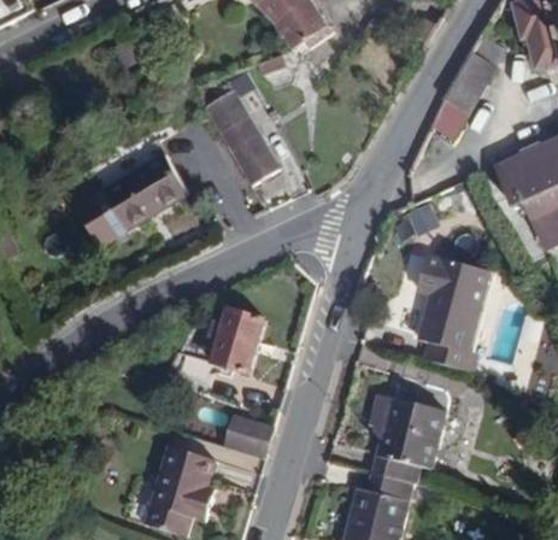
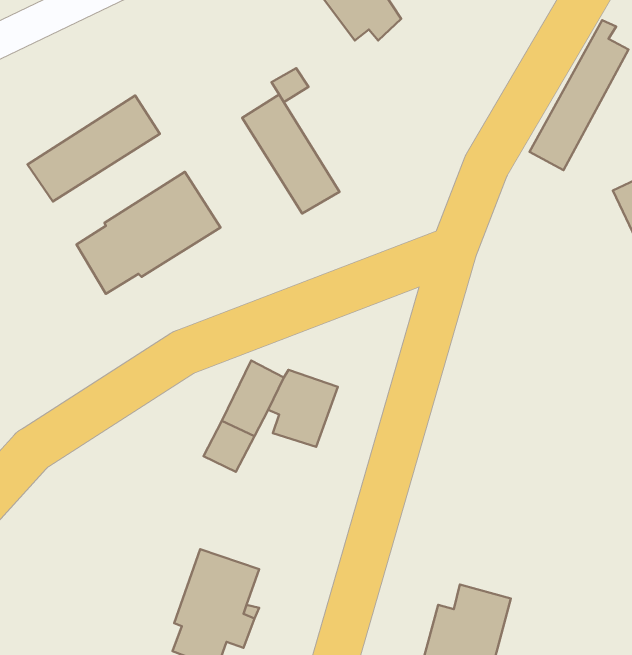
building: none -> [28,95,160,201]
building: [418,257,491,372] -> none
building: [374,397,448,483] -> none
building: [224,416,274,456] -> none

